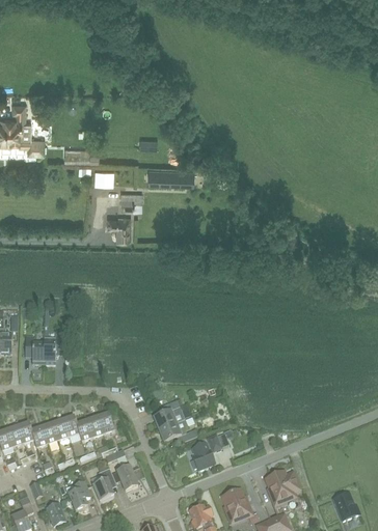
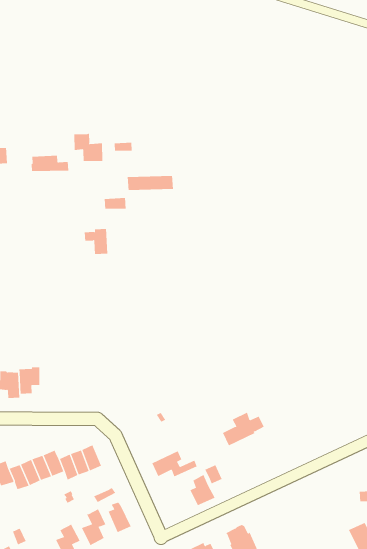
building: none -> [74,133,103,162]
building: [153,399,191,429] -> [222,412,264,446]
building: [265,471,299,504] -> none

